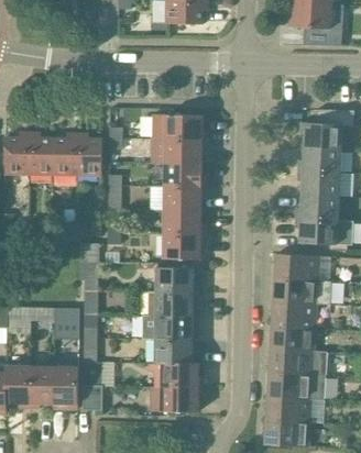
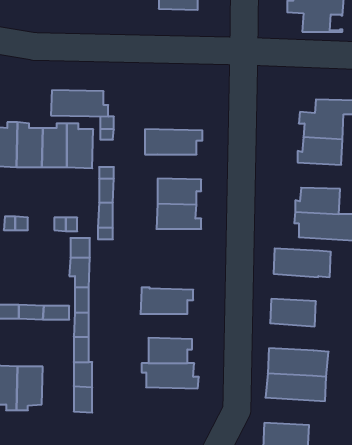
building: [152,114,207,140] -> [51,90,108,117]
building: [164,163,206,187] -> none
building: [297,170,340,196] -> none
building: [163,234,206,258] -> none
building: [156,267,198,292] -> none
building: [273,277,331,305] -> none
building: [142,314,198,340] -> none
building: [271,324,315,351] -> none
building: [53,366,78,408] -> none
building: [150,386,203,411] -> none
building: [266,396,310,422] -> none

